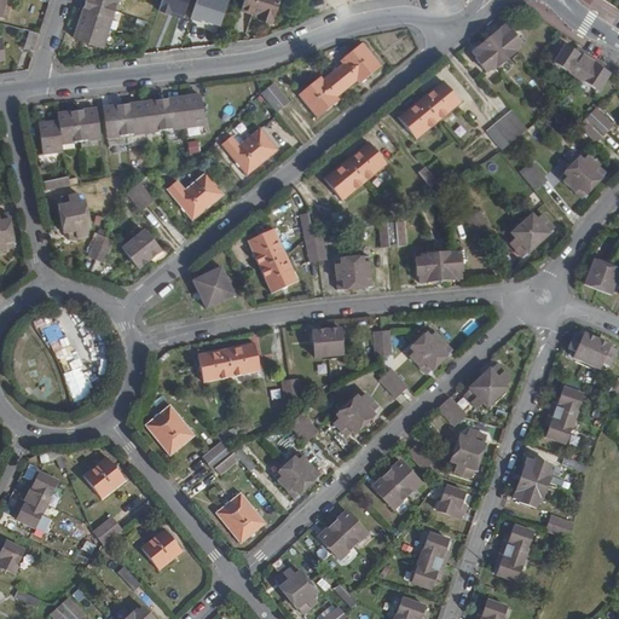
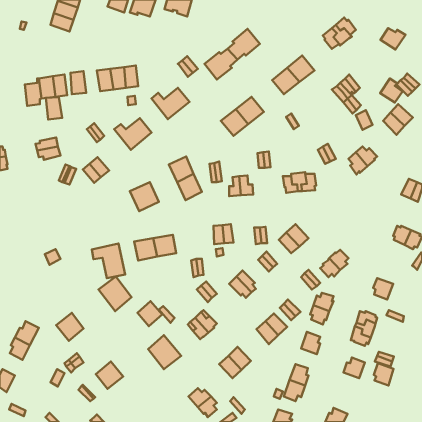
building: [578,51,611,86] -> [380,78,402,102]
building: [122,103,146,135] -> [46,97,62,119]
building: none -> [92,243,125,278]
building: [551,382,584,415] -> none
building: [496,544,525,577] -> [374,363,394,386]

